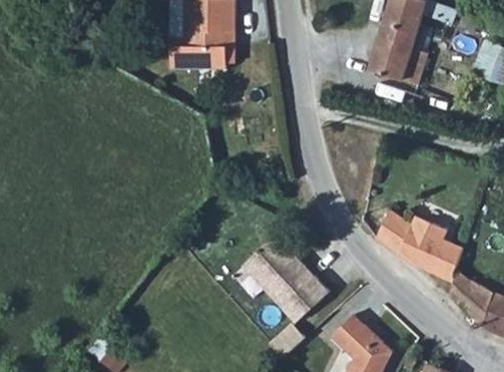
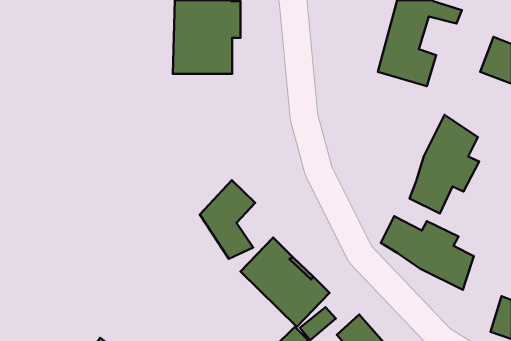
building: none -> [410,115,479,214]
building: none -> [200,180,255,259]
building: [453,276,493,326] -> none

